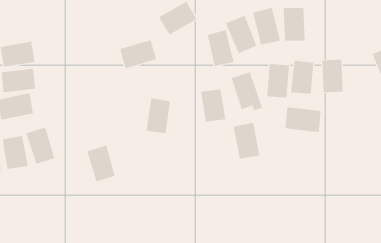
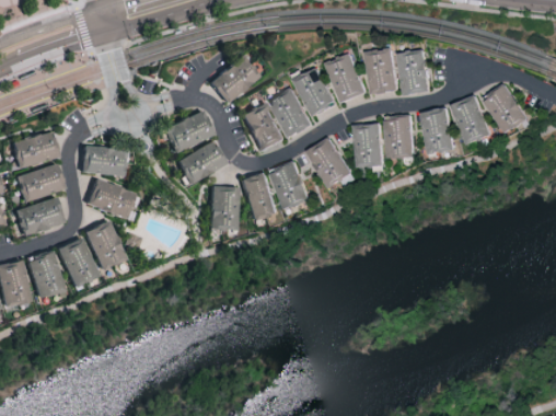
building: none -> [397,48,430,94]
building: none -> [240,101,286,151]
building: none -> [451,94,493,145]
building: none -> [80,146,124,175]
building: none -> [175,141,224,183]
building: none -> [85,180,134,218]
building: [285,106,321,133] -> none
building: [233,122,260,159] -> [239,171,278,220]
building: [86,145,115,182] -> [83,220,124,269]

